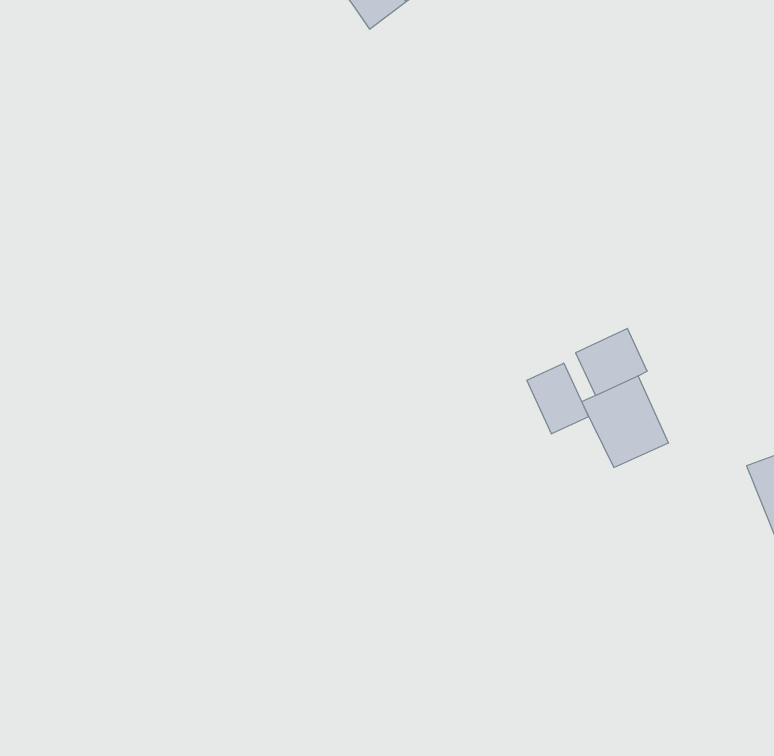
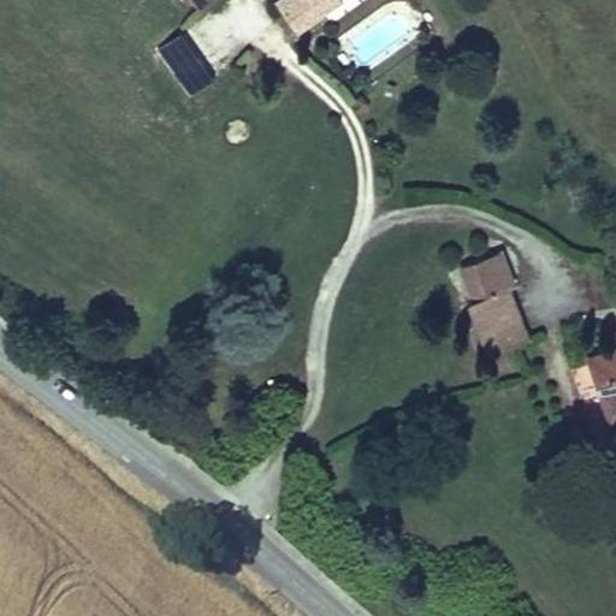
building: [527,363,588,434] -> none

